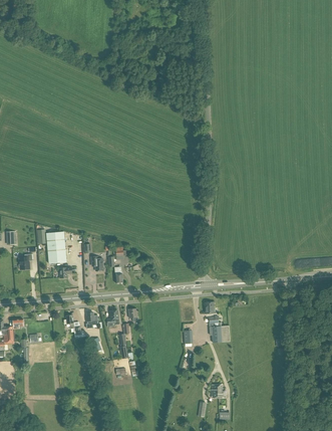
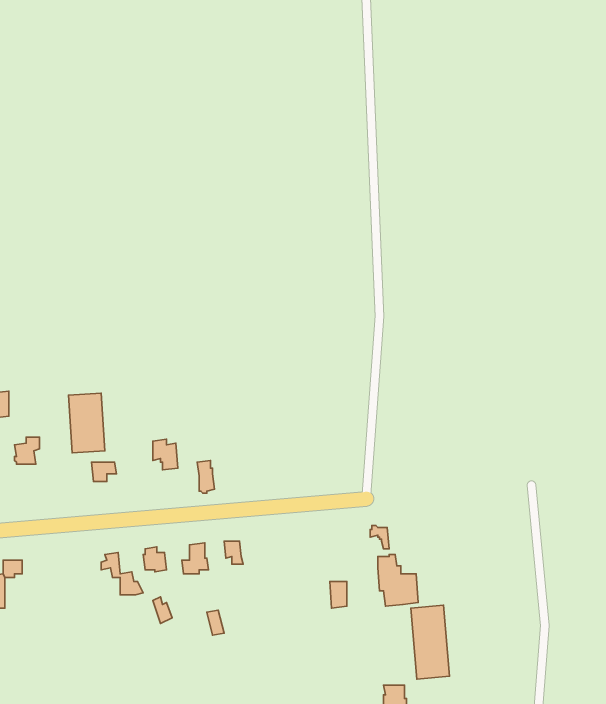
building: none -> [411,605,449,679]

